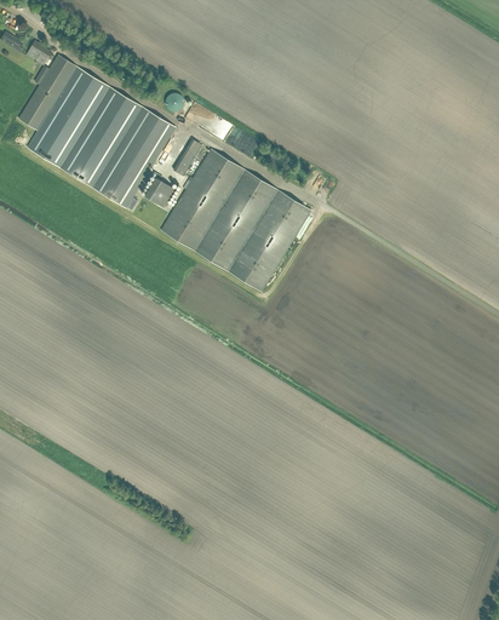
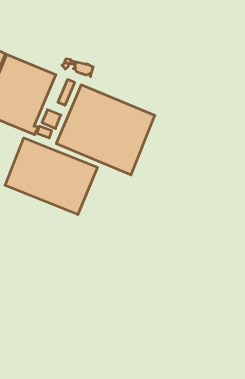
building: none -> [5,138,97,215]

